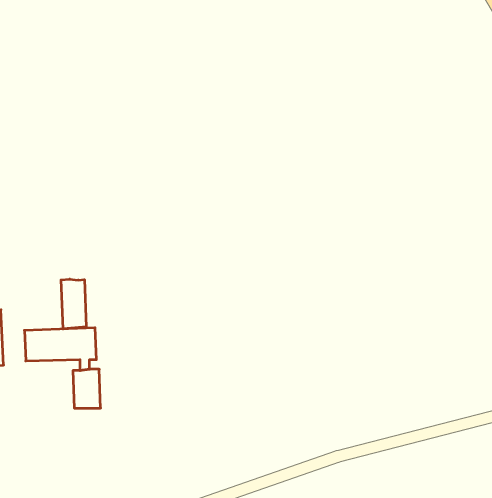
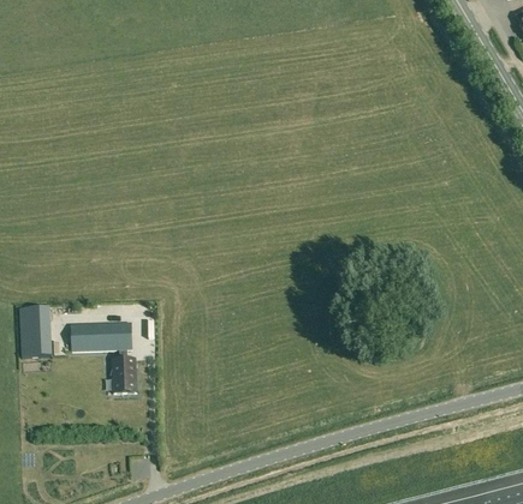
building: [61,279,86,329] -> none

